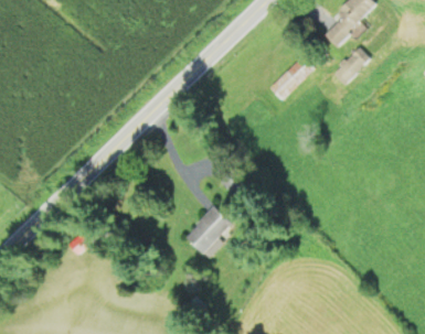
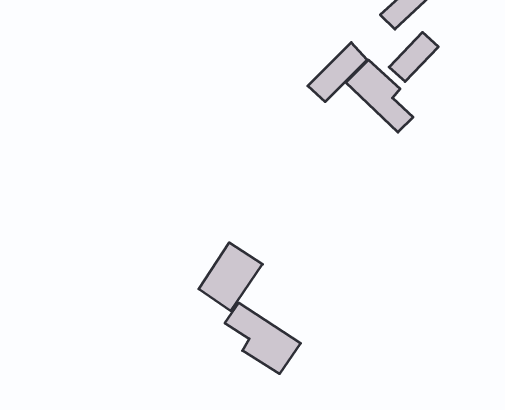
building: none -> [346,60,413,132]
building: none -> [225,303,301,374]

